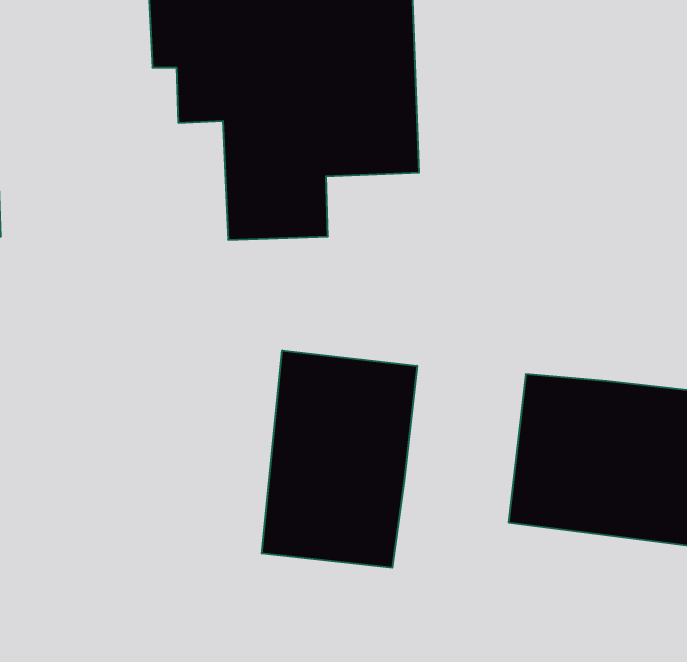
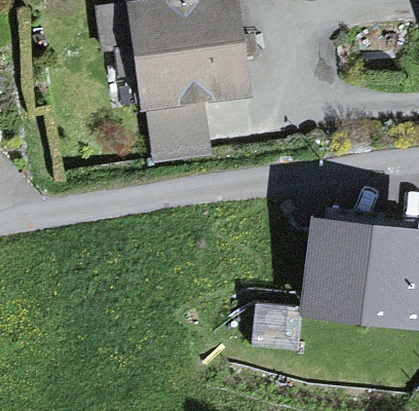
building: [262,350,417,568] -> none

